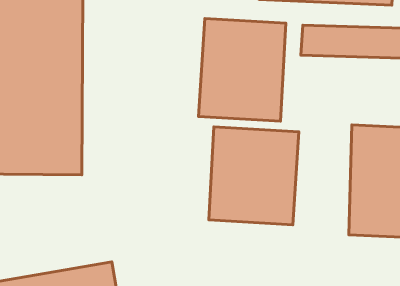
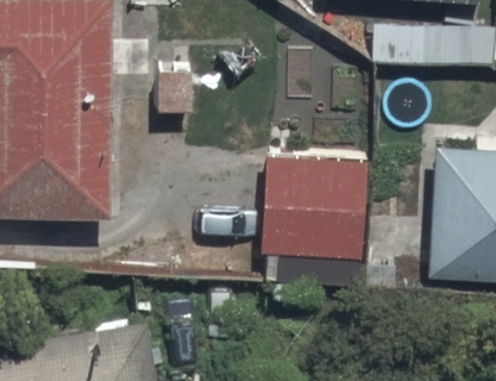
building: [199,18,286,121] -> none

